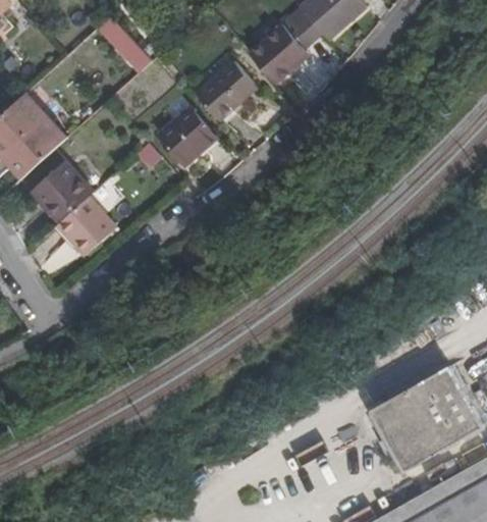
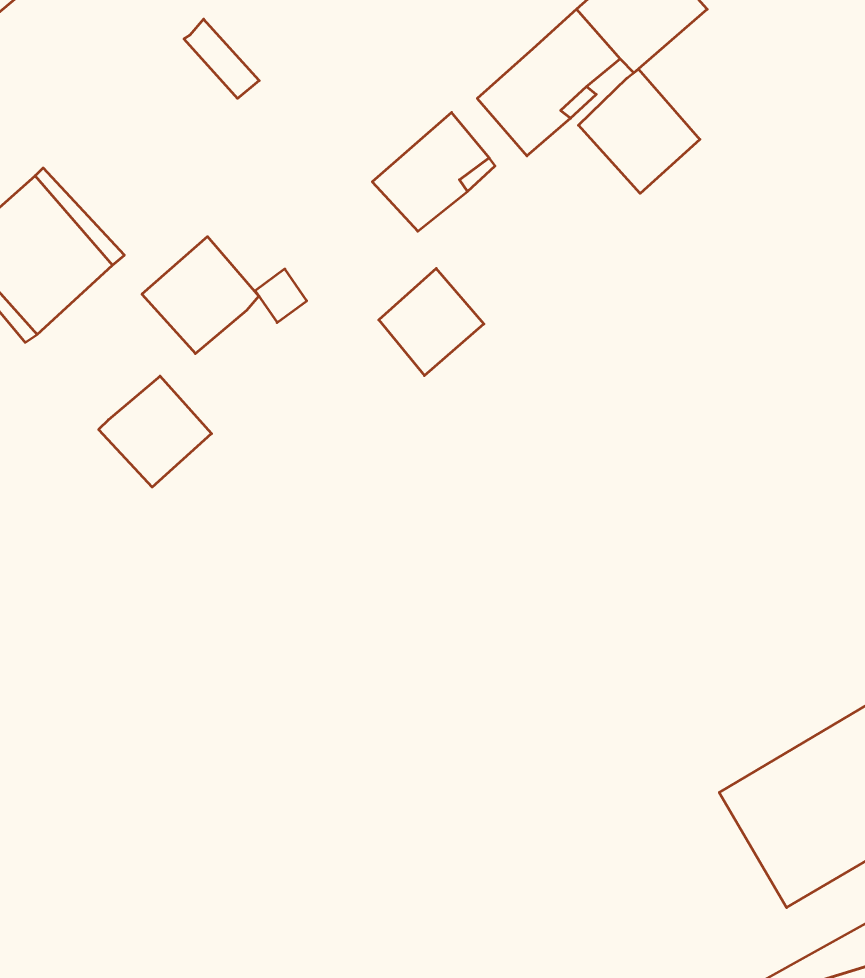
building: none -> [578,69,700,193]
building: [161,111,215,166] -> [379,268,484,376]
building: [32,160,92,220] -> [142,237,259,354]

